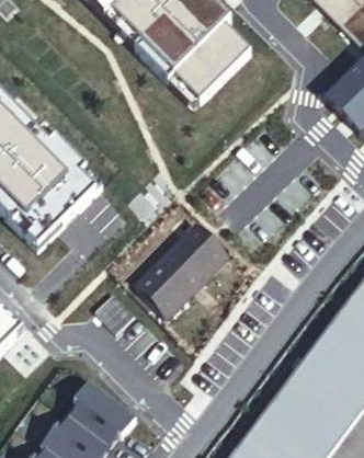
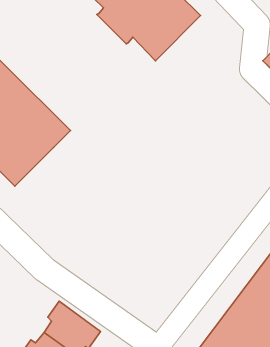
building: [134,222,226,316] -> none

